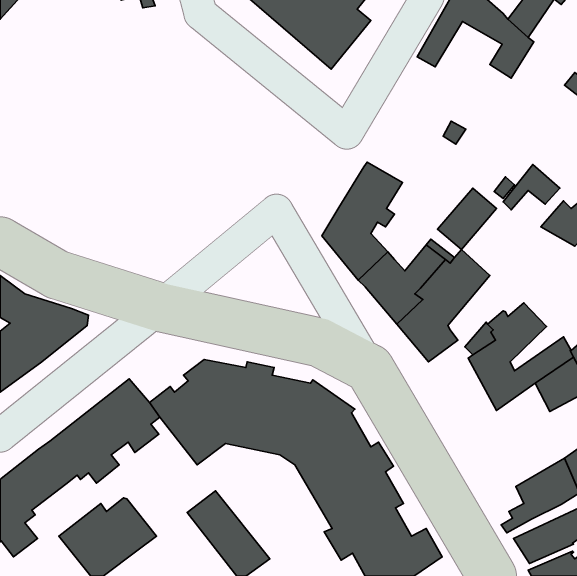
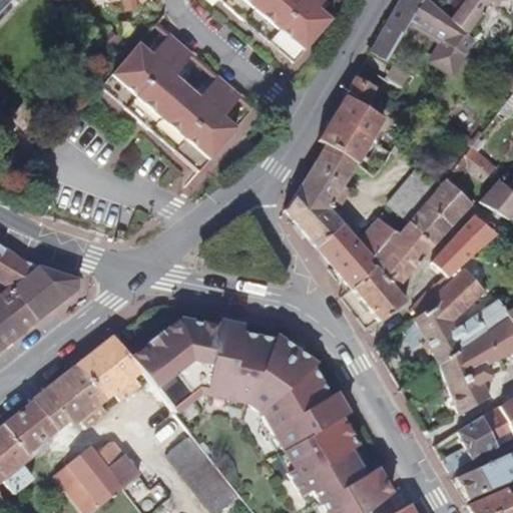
building: none -> [107,32,243,170]
building: none -> [319,75,384,162]
building: none -> [410,178,473,243]
building: none -> [432,214,497,276]
building: none -> [441,339,493,414]

